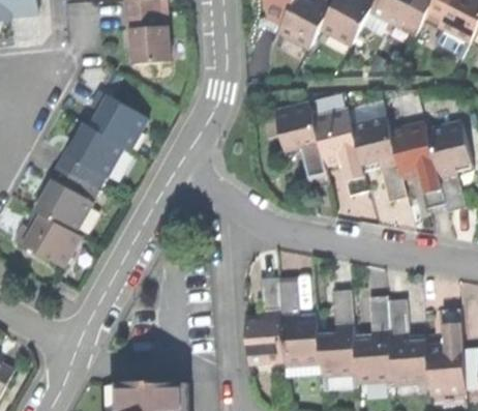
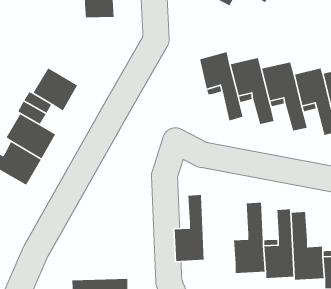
building: [91,90,148,148] -> none
building: [276,281,317,365] -> none

